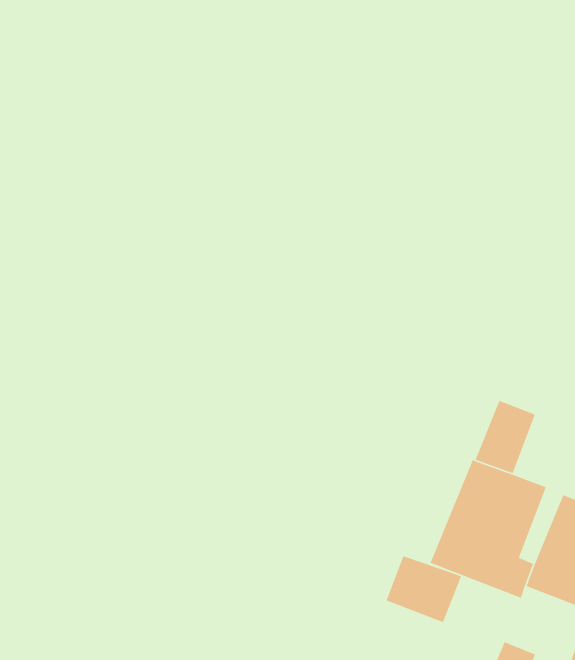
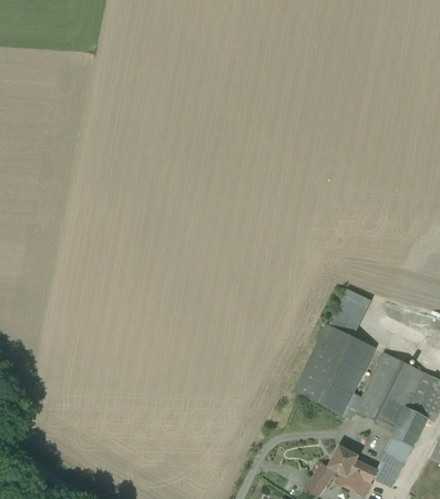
building: [385,555,462,623] -> none

